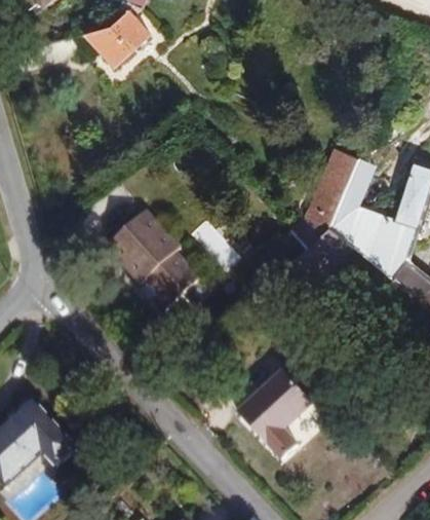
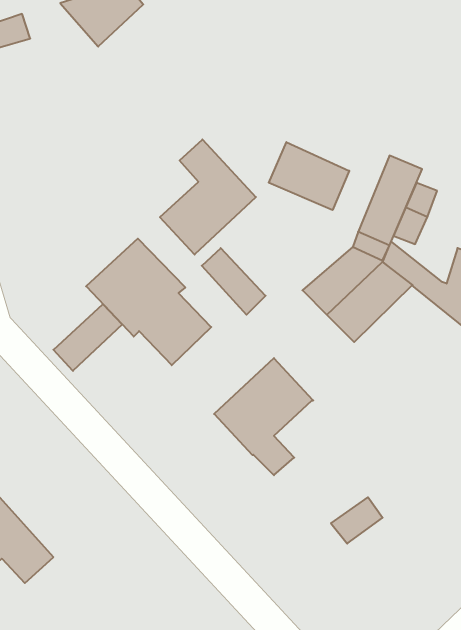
building: none -> [160,139,256,255]
building: none -> [269,142,349,210]
building: none -> [53,304,122,371]
building: [238,370,313,458] -> [214,358,313,475]

